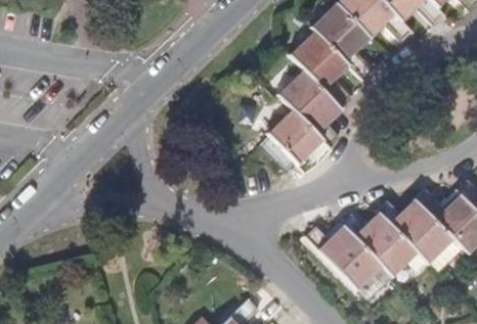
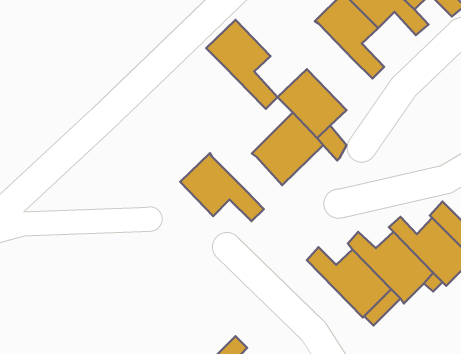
building: [290,31,352,108] -> [206,20,277,109]
building: none -> [180,153,264,221]

